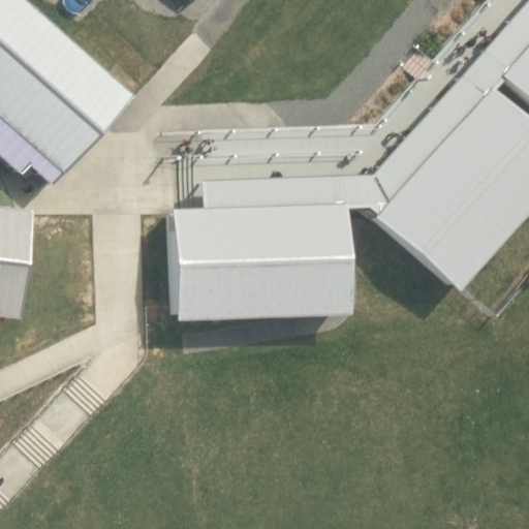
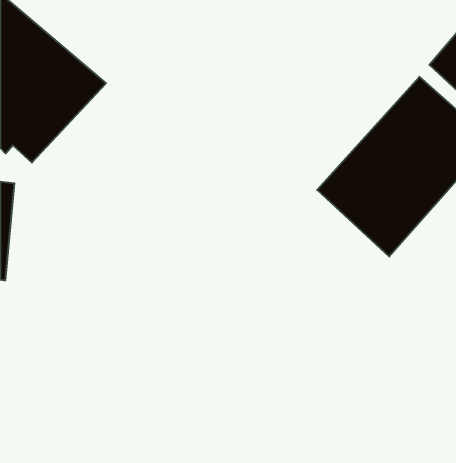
building: [167,201,347,319] -> none

